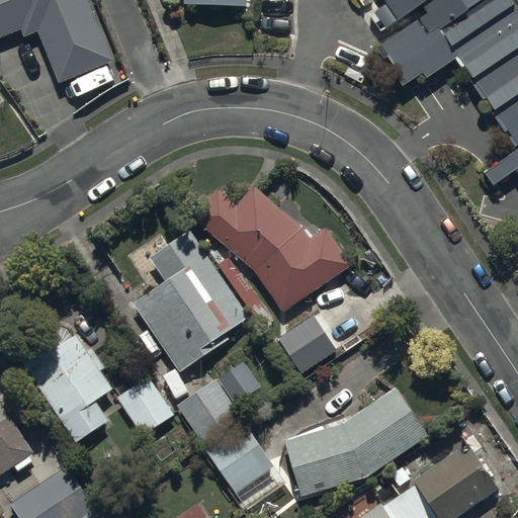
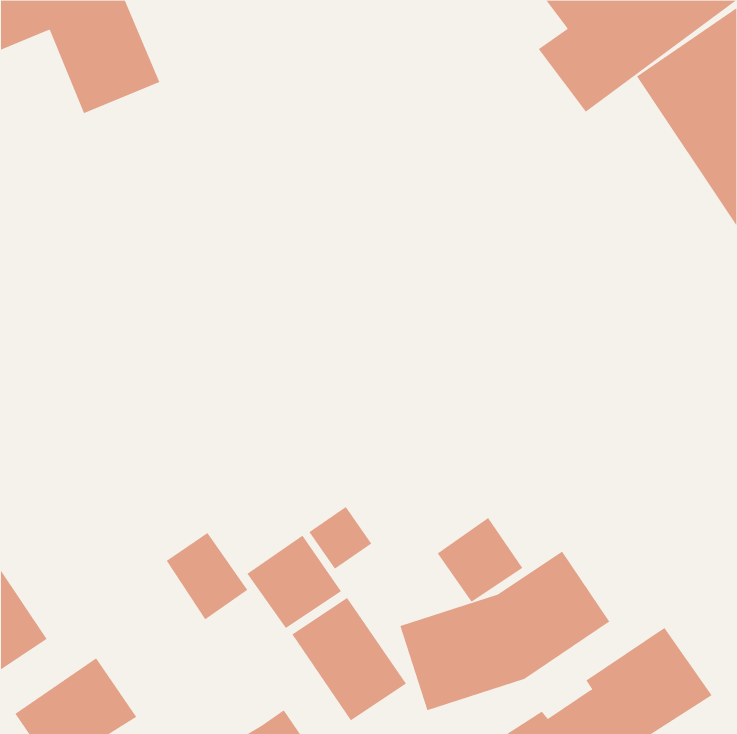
building: [192,181,351,312] -> none
building: [134,229,252,370] -> none
building: [276,312,337,371] -> [437,517,523,602]
building: [9,324,117,443] -> none

